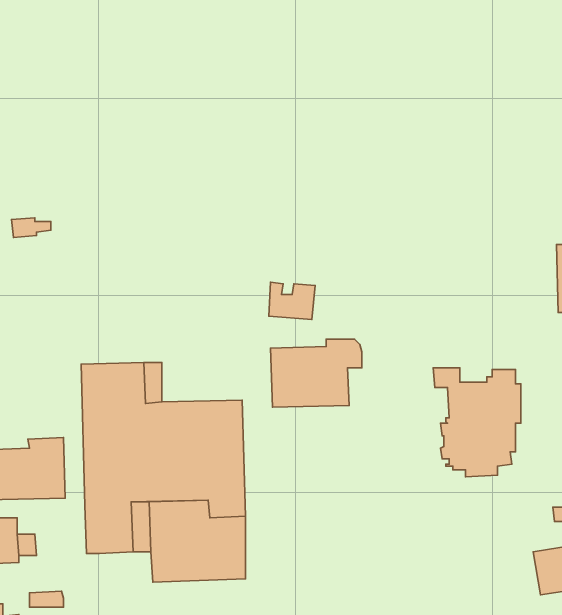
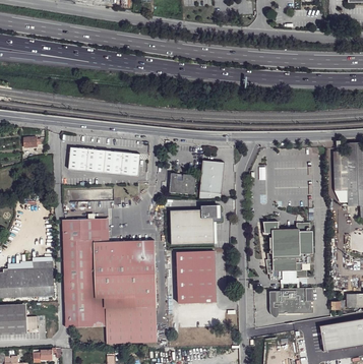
building: none -> [67,145,138,175]
building: none -> [198,160,224,198]
building: none -> [176,251,216,303]
building: none -> [271,288,312,314]

